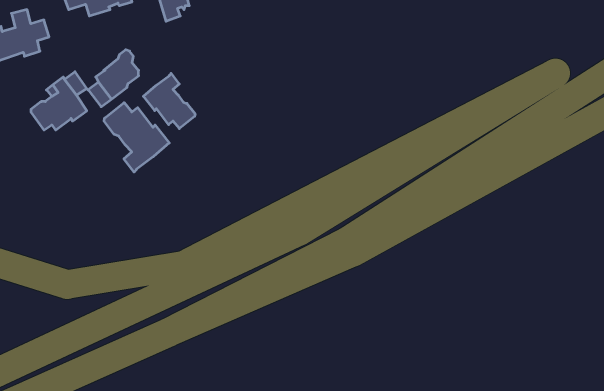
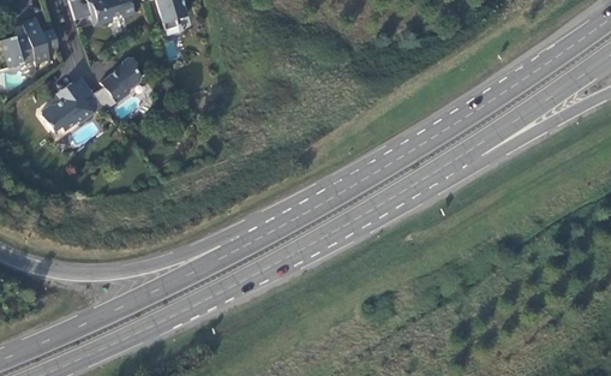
building: [143,73,195,129] -> none
building: [104,103,169,172] -> none

